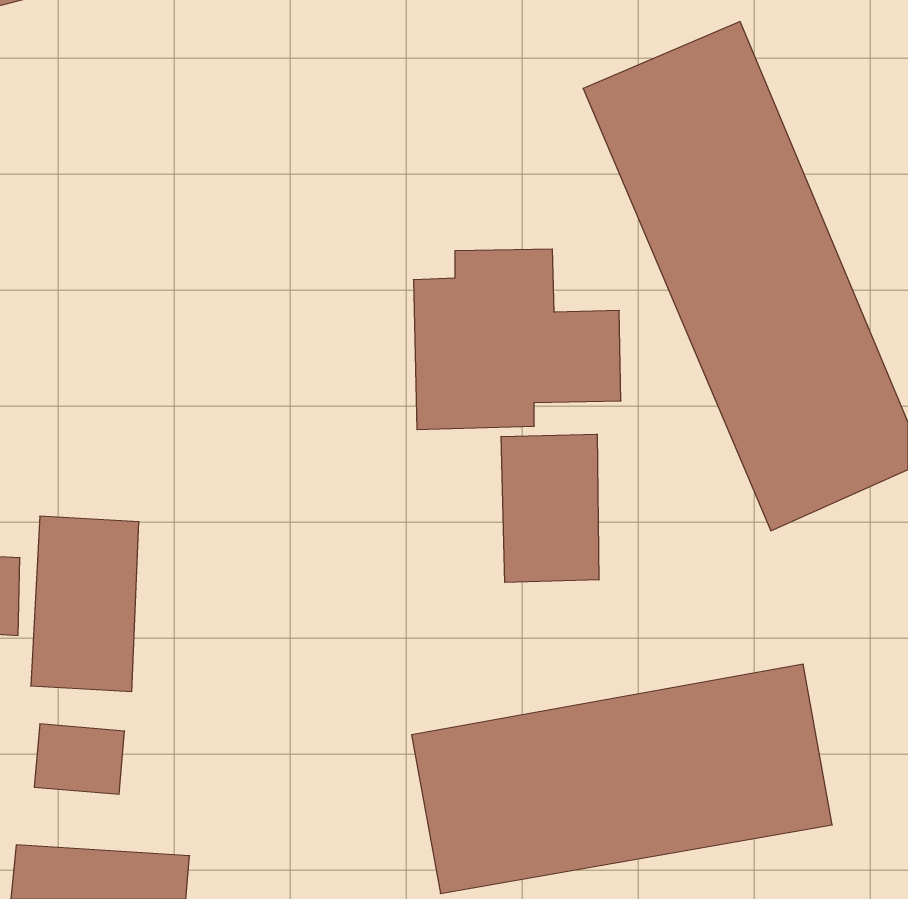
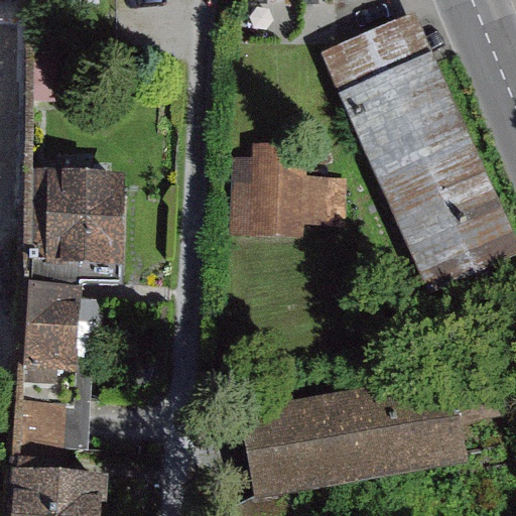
building: none -> [31,173,121,269]
building: [501,434,599,582] -> none

